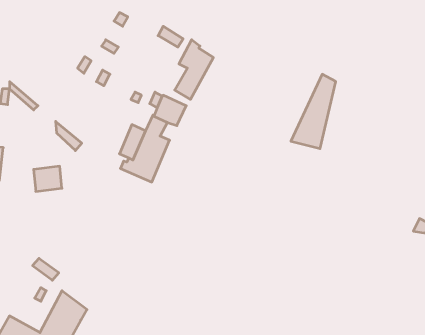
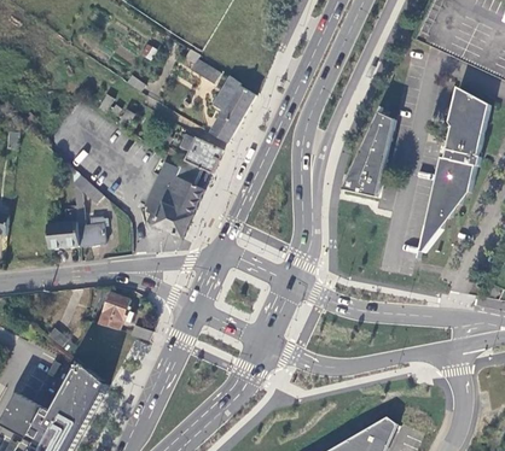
building: none -> [418,89,488,253]
building: none -> [72,195,108,245]
building: none -> [93,288,130,329]

